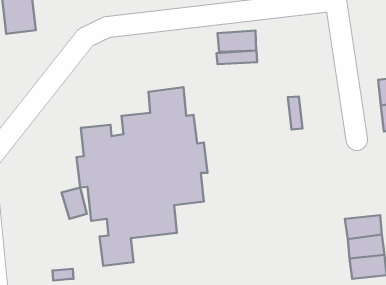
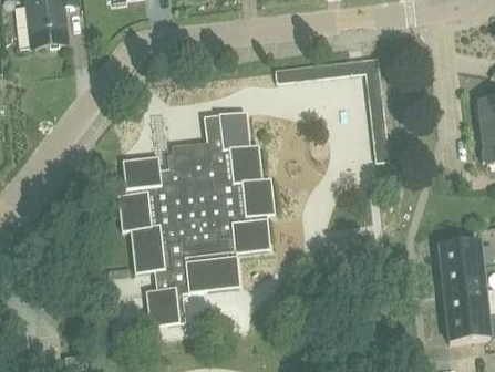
building: [217,30,256,52] -> none
building: [62,188,87,219] -> none
building: none -> [437,239,482,268]

